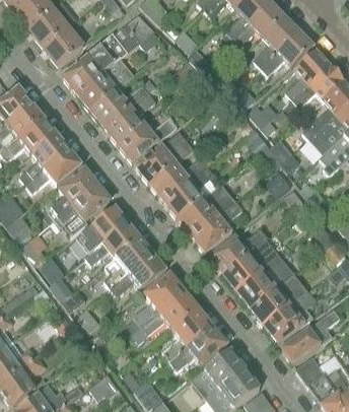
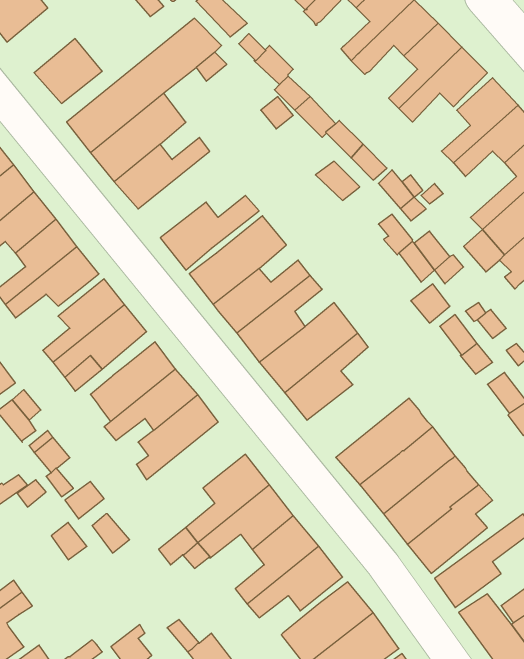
building: [26,7,67,46] -> none
building: [104,92,154,144] -> none
building: [208,231,266,275] -> none
building: [110,254,165,296] -> none

